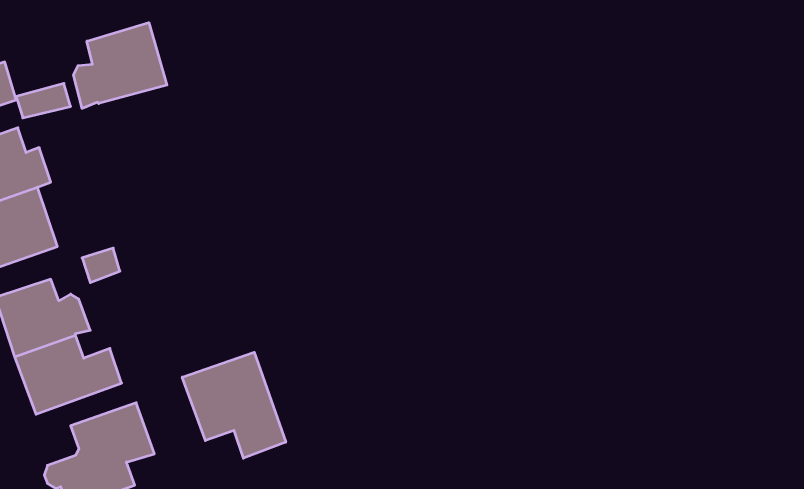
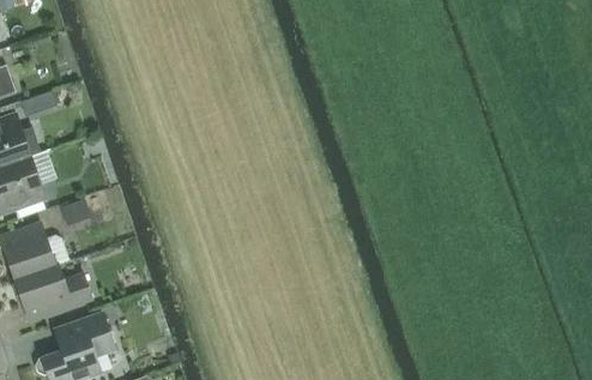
building: [74,23,167,108] -> none
building: [182,352,286,458] -> none

